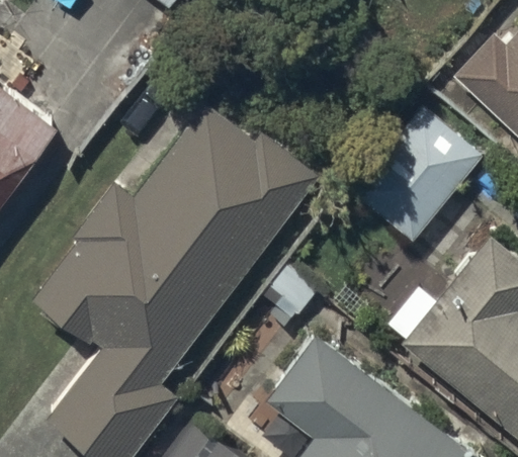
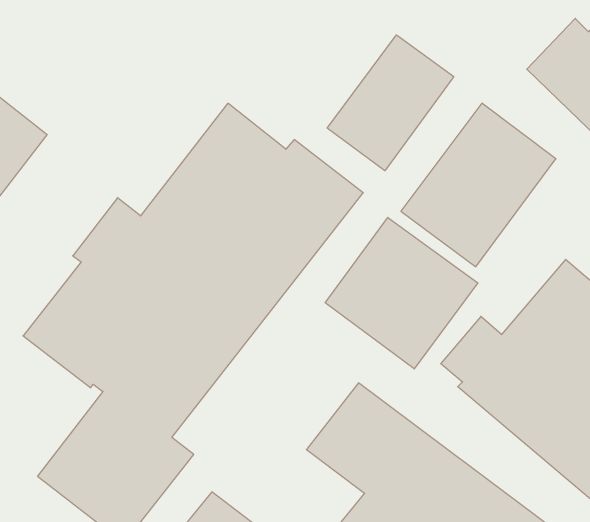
building: none -> [327,35,454,171]
building: none -> [325,217,478,369]

